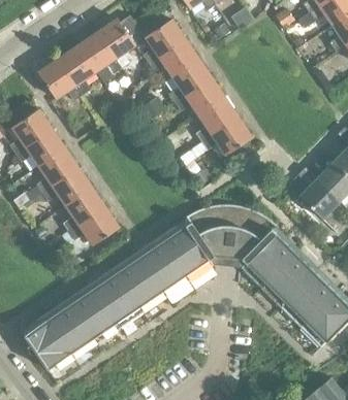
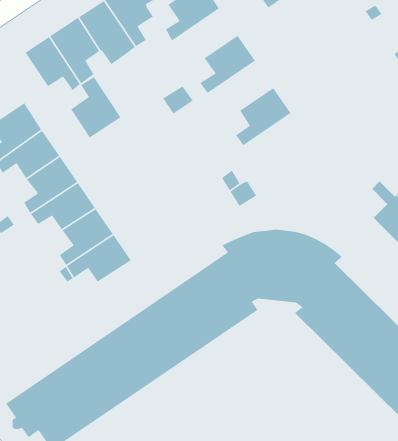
building: [149,39,198,76] -> none
building: [176,78,225,115] -> none
building: none -> [70,76,121,139]
building: [202,118,252,155] -> none

